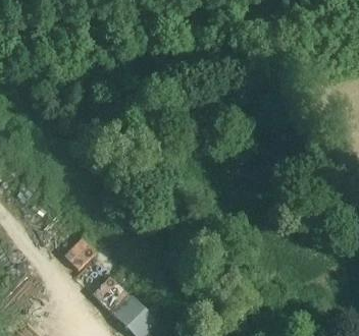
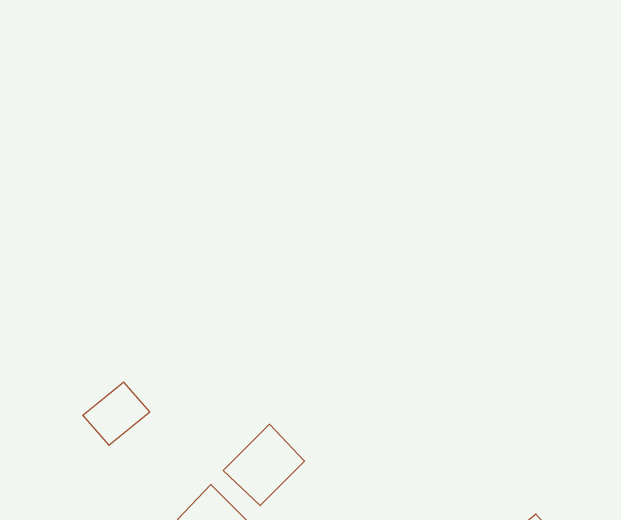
building: none -> [223,424,305,506]

